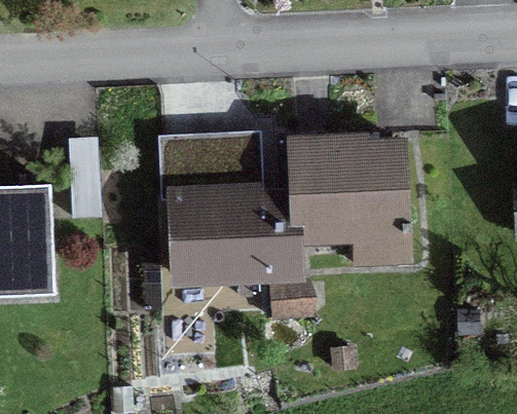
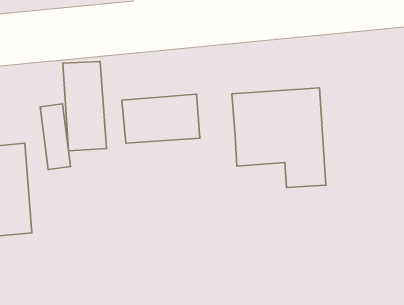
building: none -> [63,62,106,151]
building: [165,193,296,272] -> none

